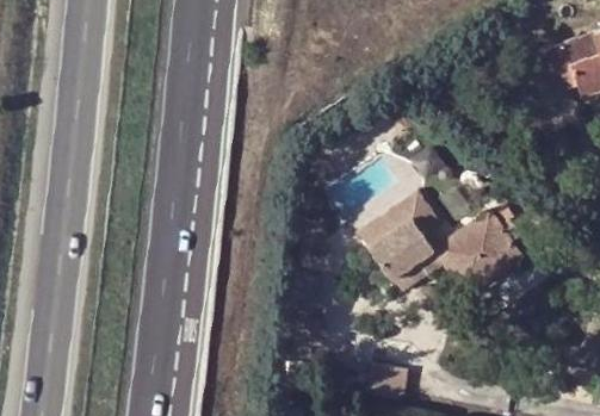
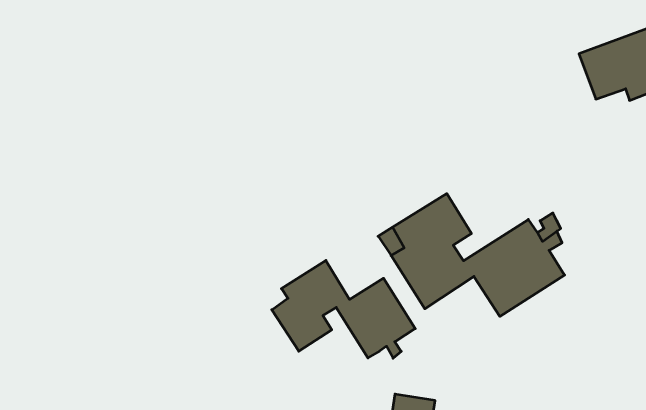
building: none -> [272,260,415,358]

